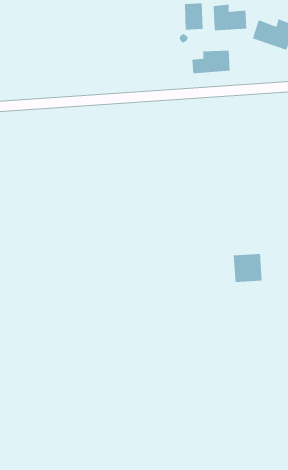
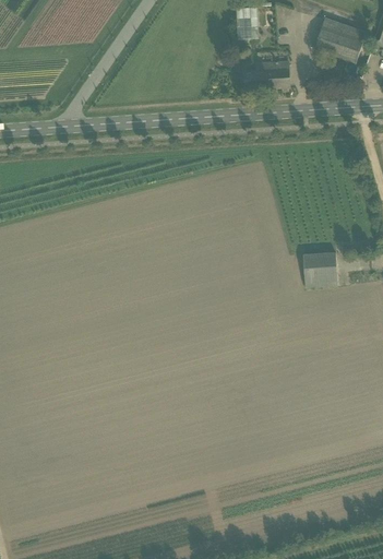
building: [213,4,247,31] -> none
building: [233,253,263,283] -> [302,251,337,286]

